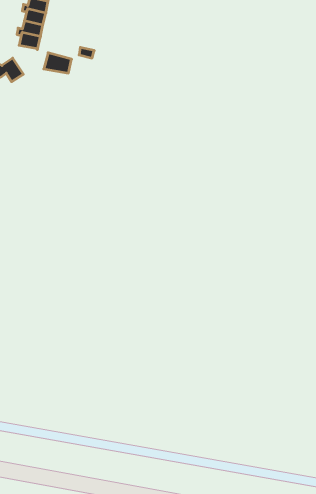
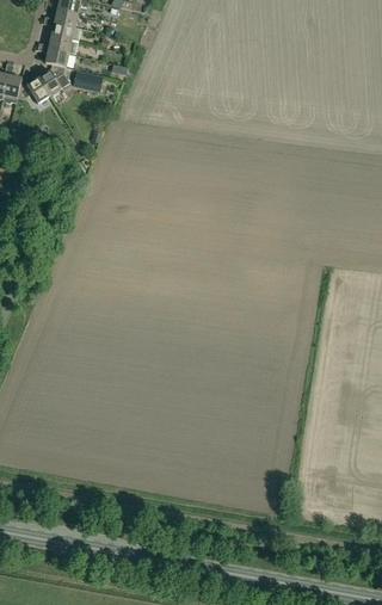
building: none -> [38,63,70,94]

